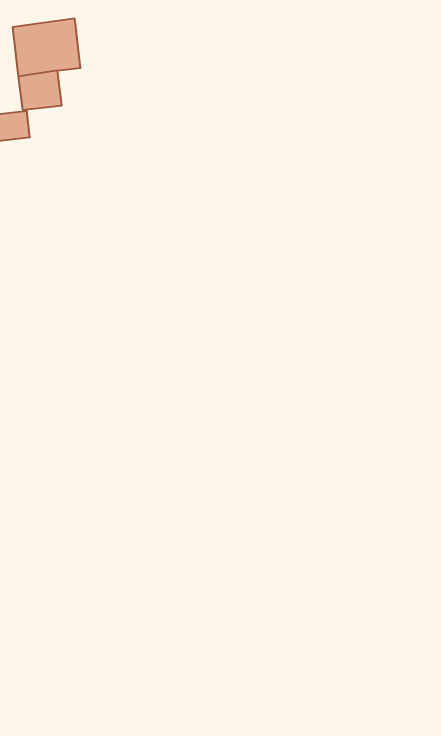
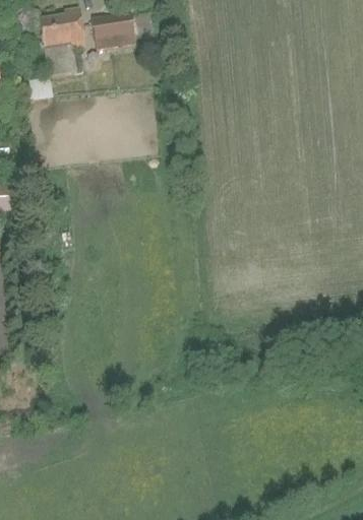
building: none -> [85,16,133,48]

